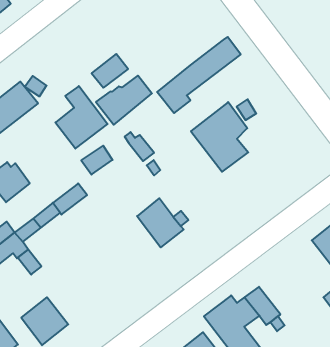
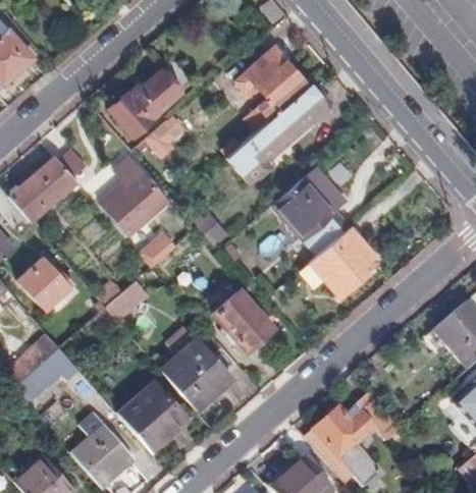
building: none -> [230,45,307,120]
building: [96,76,152,125] -> [108,70,178,134]
building: none -> [311,222,382,293]
building: none -> [159,337,228,407]
building: none -> [120,386,181,447]

